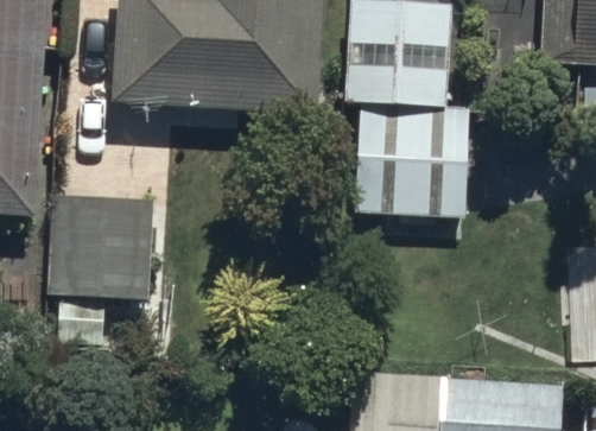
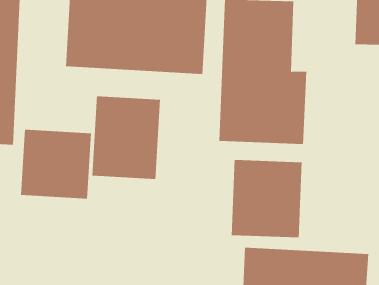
building: none -> [92,96,160,180]
building: none -> [231,159,302,238]

